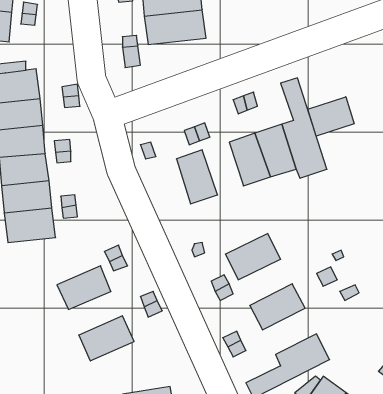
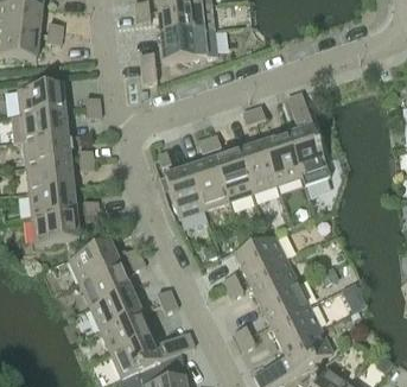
building: [308,97,354,136] -> none
building: none -> [215,151,253,199]
building: none -> [165,166,204,216]
building: none -> [70,240,121,283]
building: none -> [248,259,298,302]
building: none -> [91,288,141,329]
building: none -> [271,304,320,347]
building: none -> [112,331,195,378]

